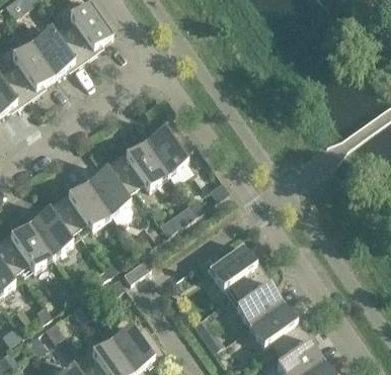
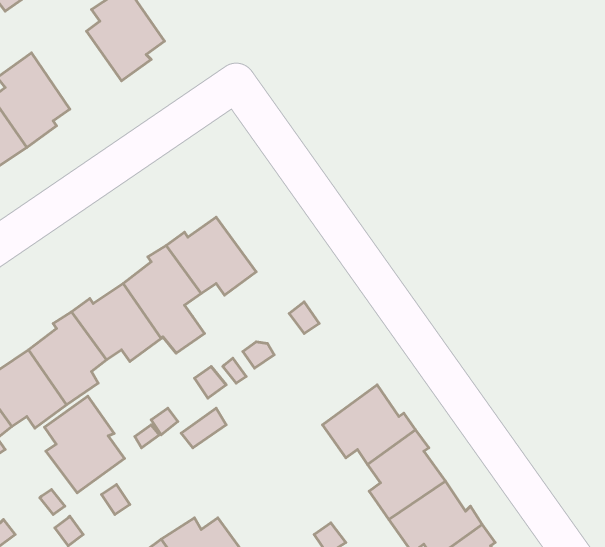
building: [29,28,84,77] -> none
building: [142,118,190,176] -> none
building: none -> [45,396,124,493]

